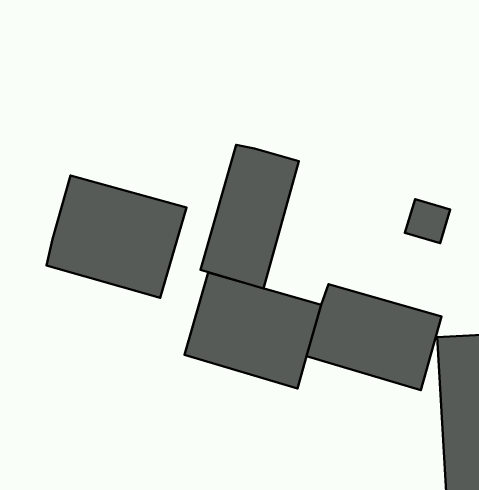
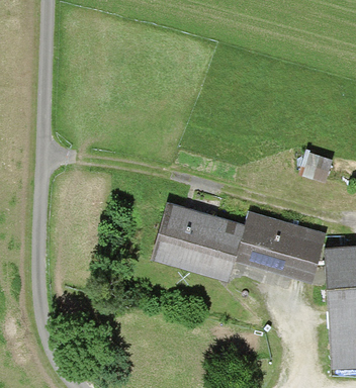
building: [200,145,299,288] -> none
building: [46,176,187,298] -> none

